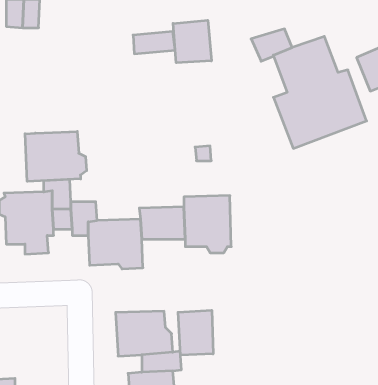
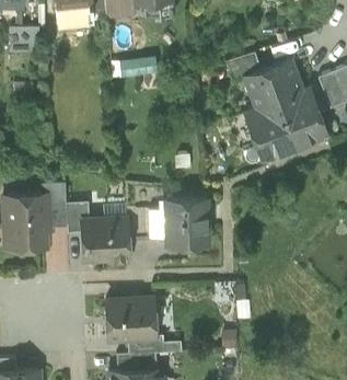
building: [173,20,211,63] -> none
building: [25,131,87,181] -> none
building: [178,310,213,355] -> none

